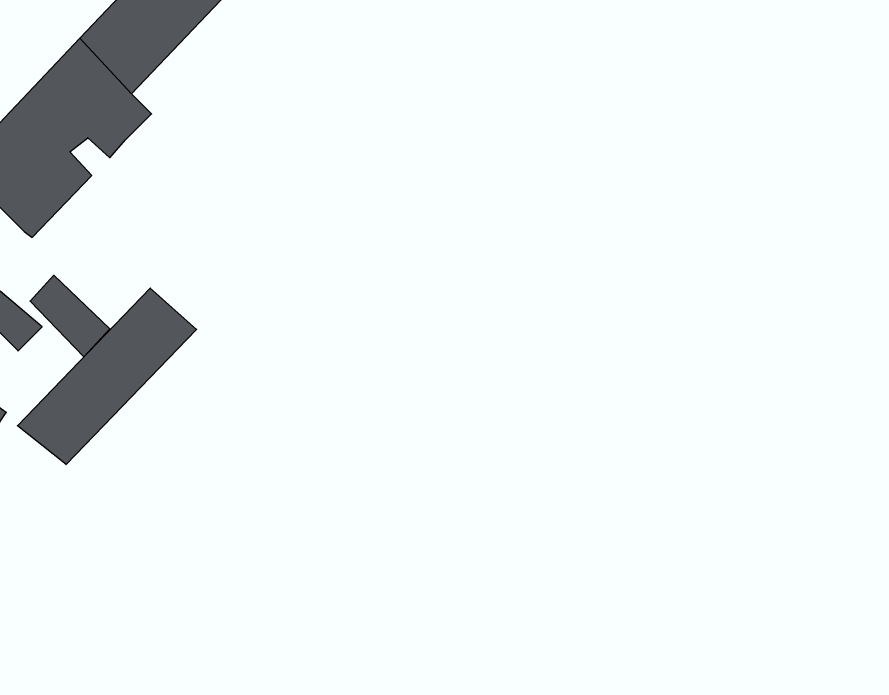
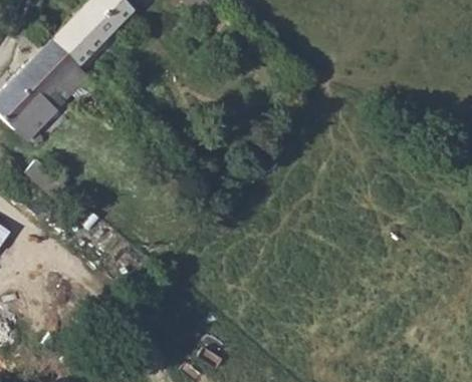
building: [17,288,197,465] -> none

